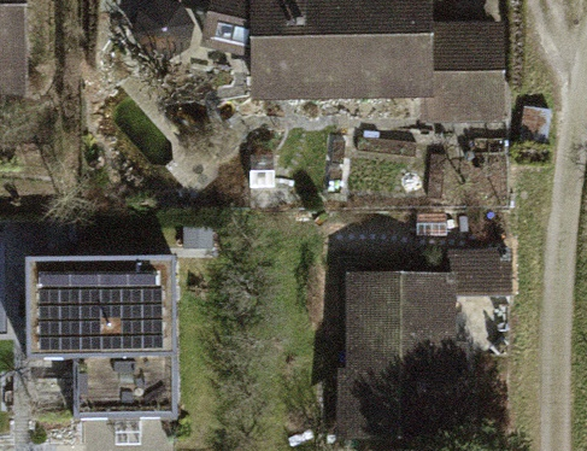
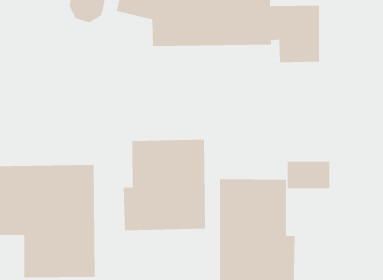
building: none -> [123,139,206,231]

